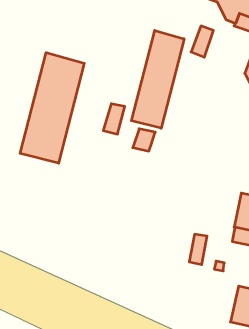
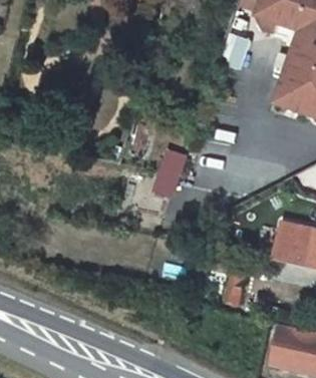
building: [131,30,184,128] -> none
building: [20,53,84,163] -> none

